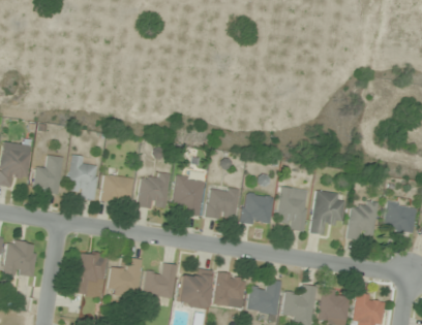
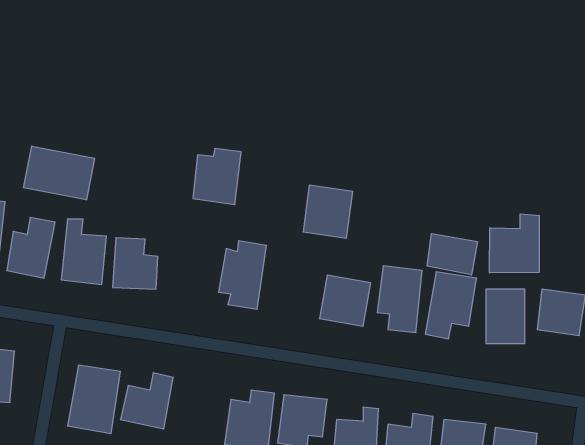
building: none -> [24,146,94,200]
building: none -> [490,214,539,273]
building: none -> [427,234,477,275]
building: [138,173,170,210] -> [193,149,241,205]
building: [206,186,239,221] -> [303,185,353,238]
building: [143,263,177,298] -> none

